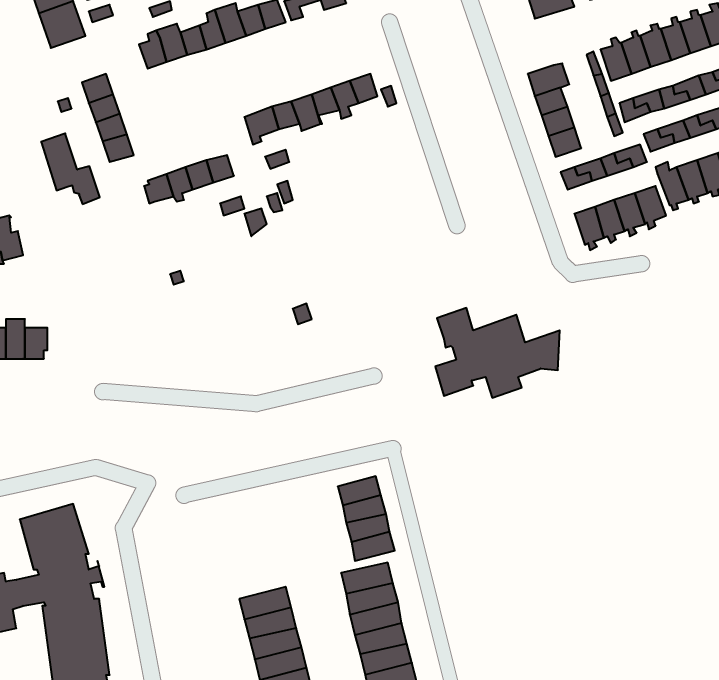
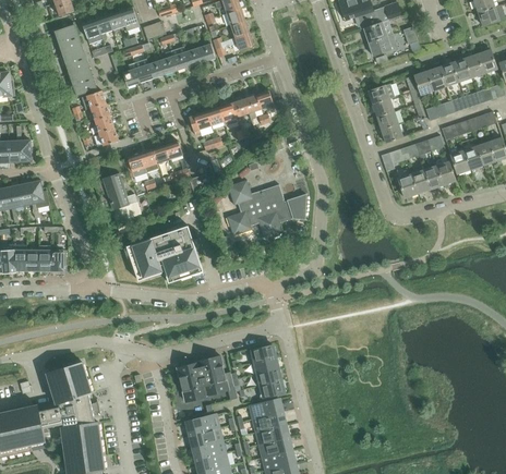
building: none -> [67,66,96,97]
building: [41,133,100,204] -> [103,173,140,218]
building: none -> [125,226,203,282]
building: [435,308,560,398] -> [227,180,305,236]
building: none -> [177,355,227,401]

